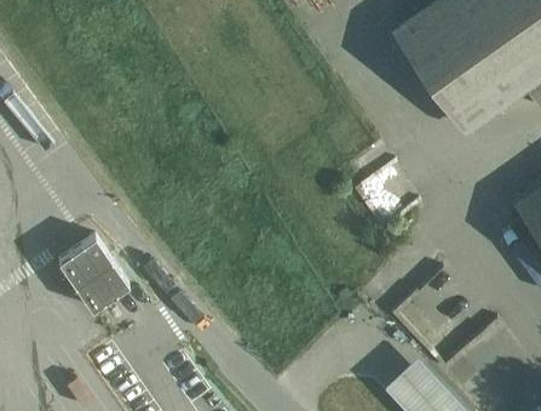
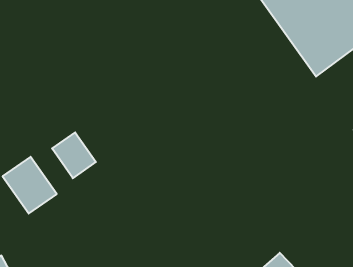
building: none -> [52,132,96,178]

